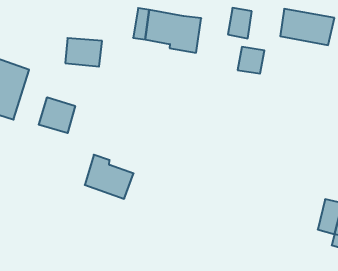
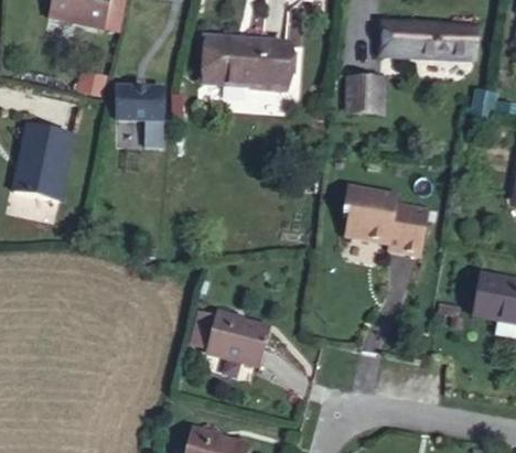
building: [228,8,252,38] -> [379,18,409,57]
building: [39,97,75,133] -> none
building: none -> [343,187,430,249]
building: [85,155,134,199] -> [194,306,259,363]

